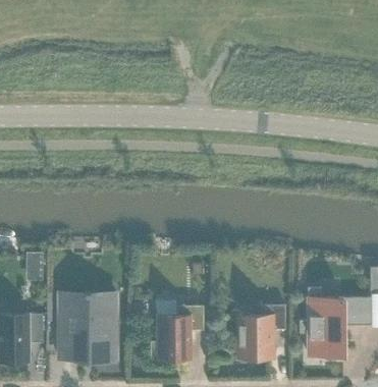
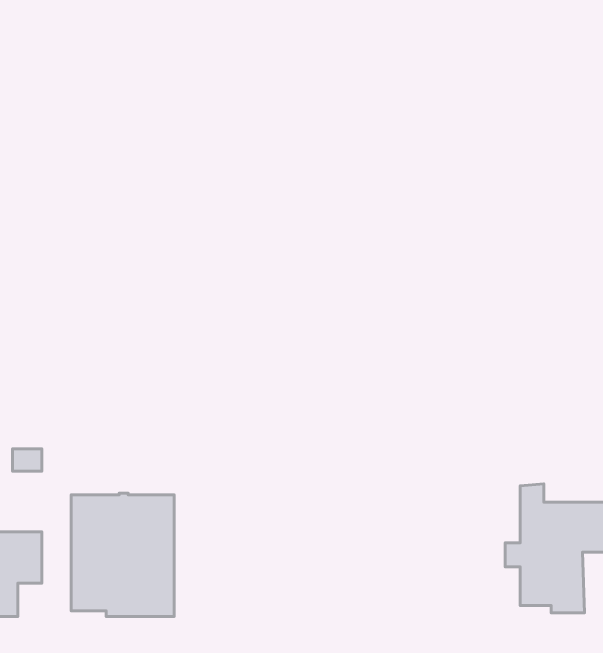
building: [150,306,204,361] -> none
building: [237,306,285,360] -> none

